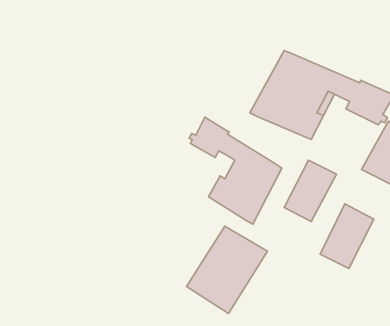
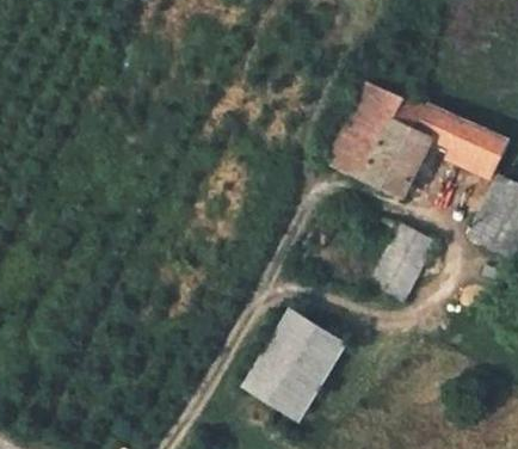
building: [189,117,282,224] -> none
building: [320,204,374,268] -> none

